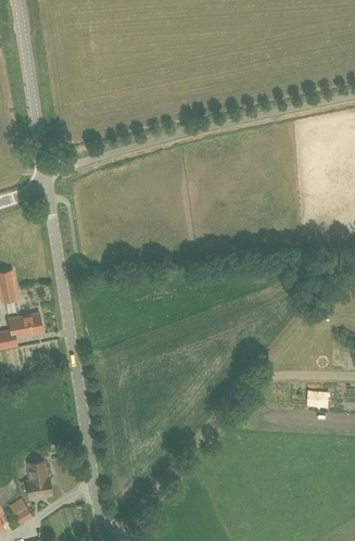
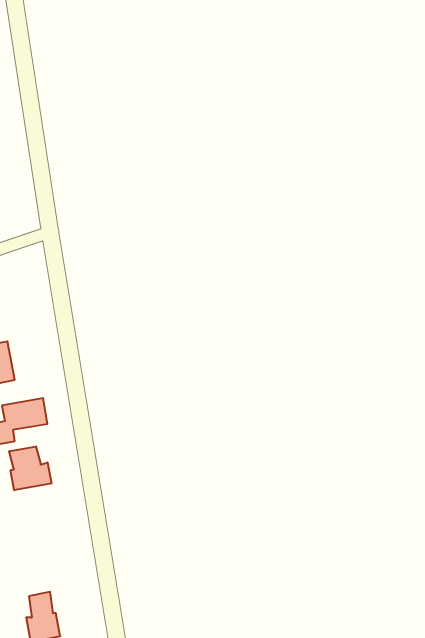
building: none -> [9,446,52,490]

